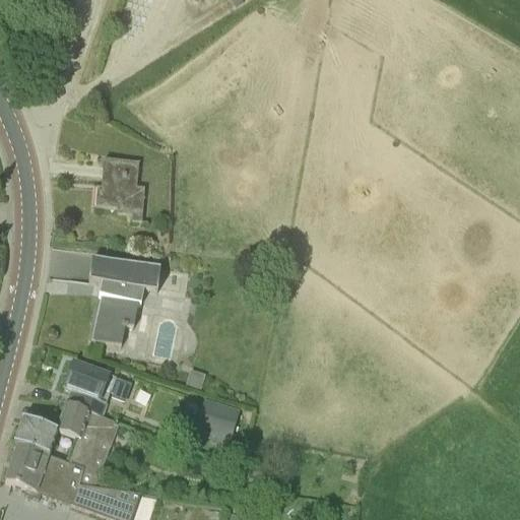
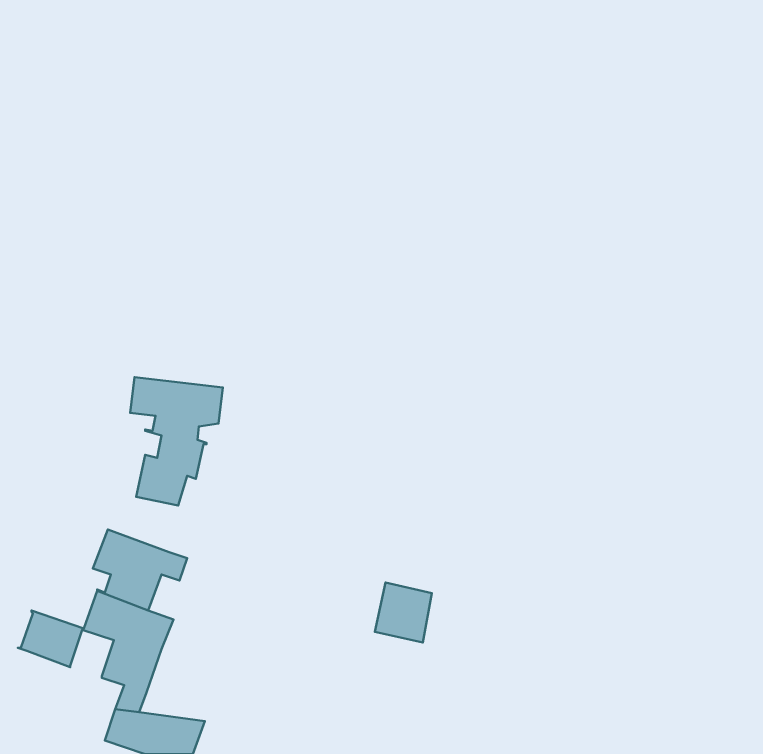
building: [95,156,144,211] -> none
building: [200,401,239,442] -> [375,583,432,642]
building: [6,442,85,503] -> none

